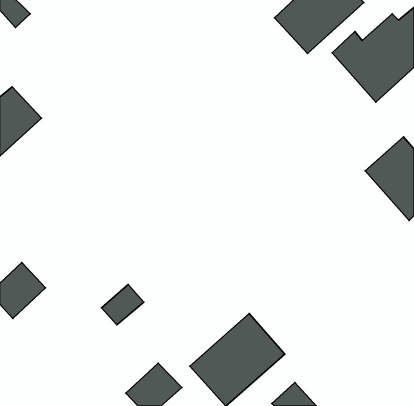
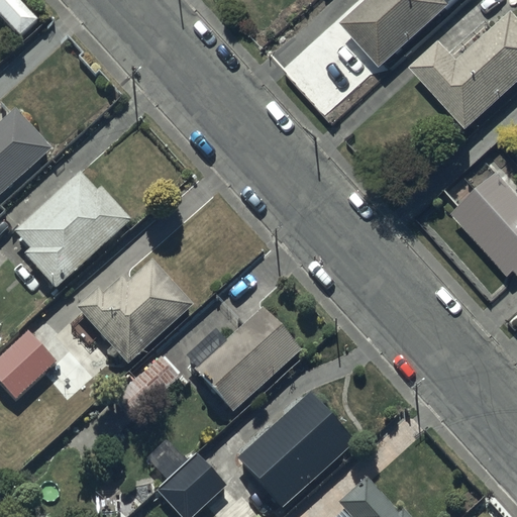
building: none -> [14,172,130,289]
building: none -> [76,258,193,364]
building: none -> [194,307,300,412]

